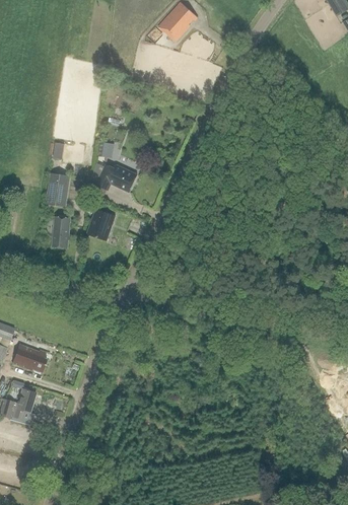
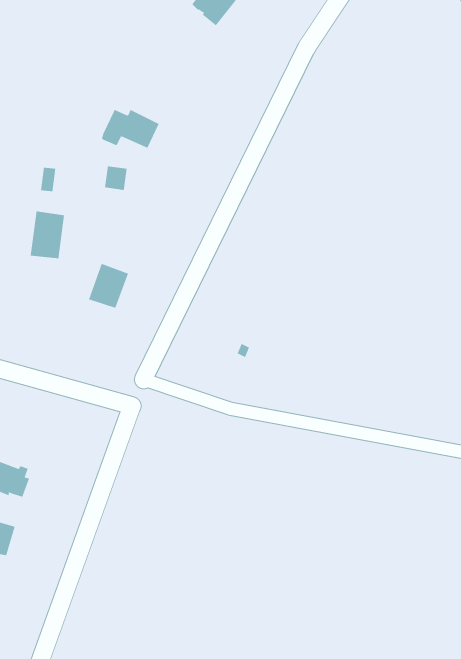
building: [95,163,136,191] -> [101,109,159,149]
building: [52,215,70,247] -> none

